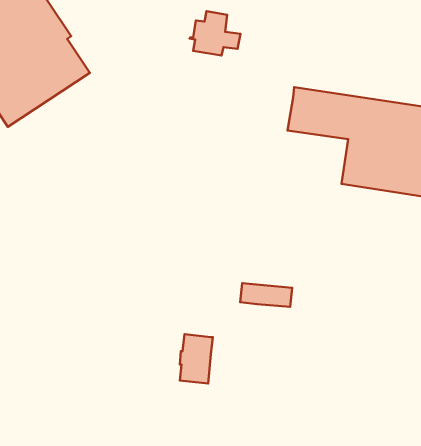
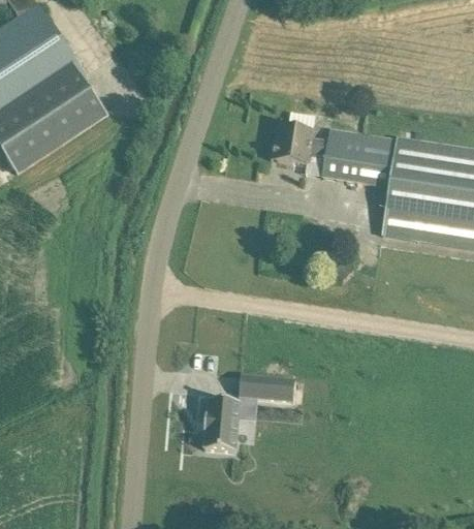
building: [189,11,240,56] -> [273,115,328,163]
building: [240,283,292,307] -> [240,374,296,400]

